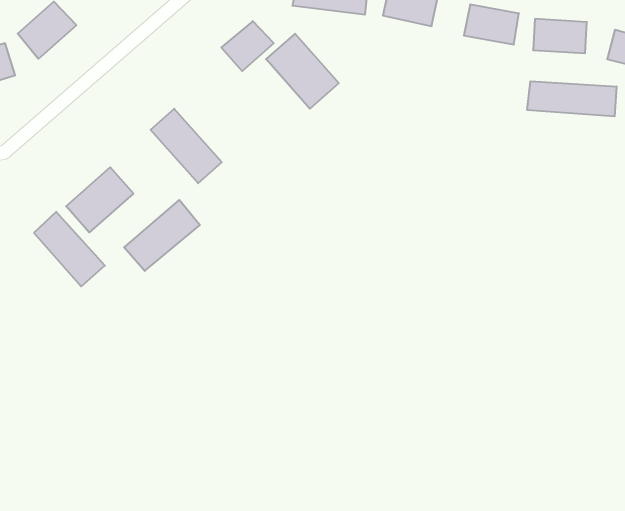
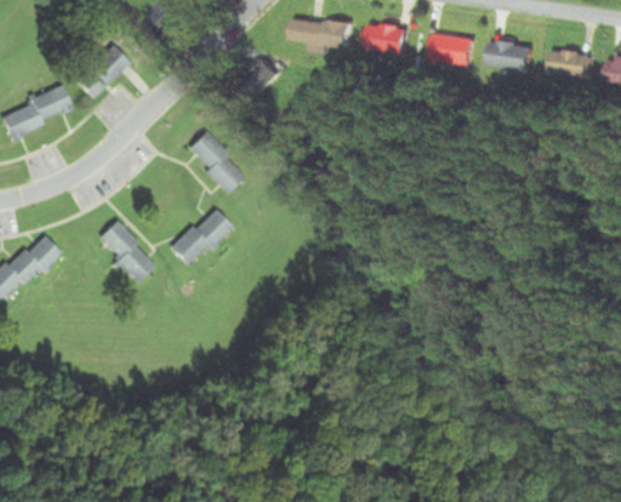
building: [266,34,339,109] -> none
building: [527,81,616,116] -> none
building: [66,167,133,232] -> none

